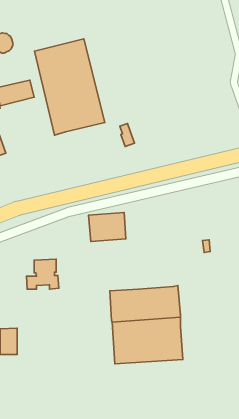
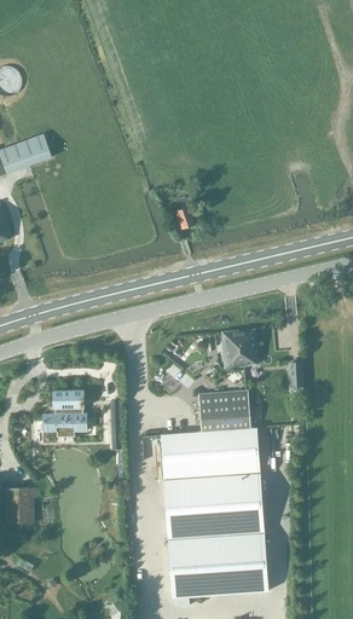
building: [35,39,105,135] -> none
building: [88,213,126,241] -> [197,391,250,432]
building: none -> [221,330,256,368]
building: none -> [167,532,268,597]

